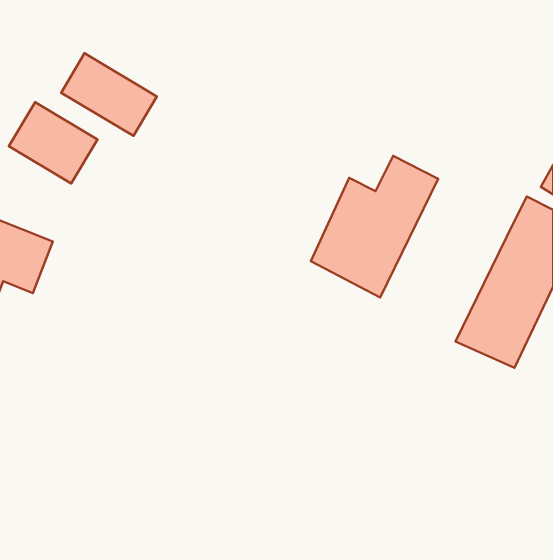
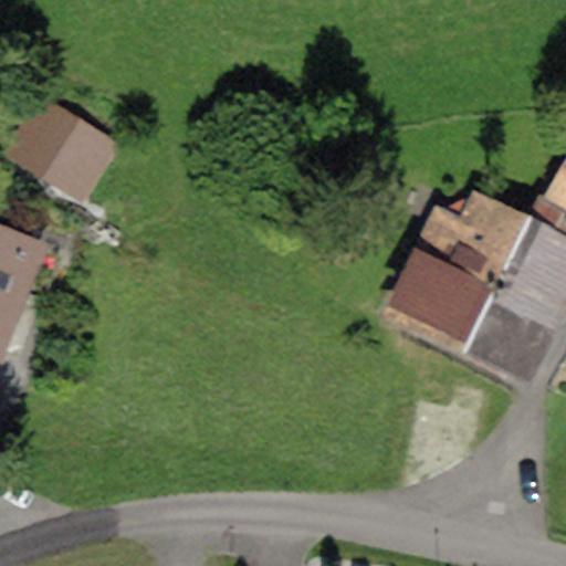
building: [61,53,157,136] -> none
building: [311,156,438,298] -> [389,202,517,345]

